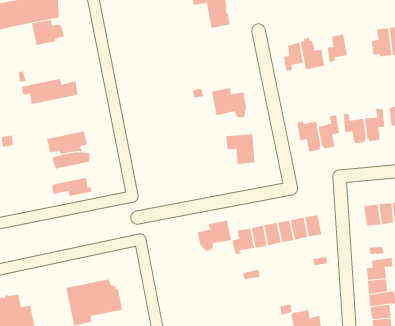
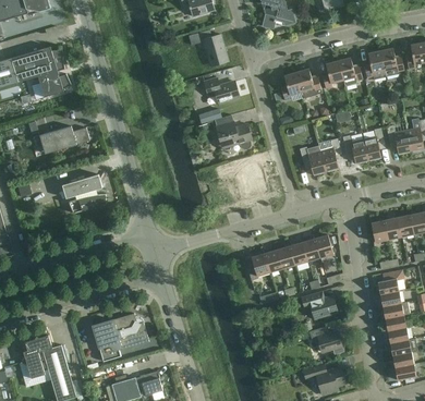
building: none -> [337,58,362,87]
building: none -> [204,78,239,104]
building: [52,177,92,197] -> none
building: [197,220,231,251] -> none
building: none -> [301,294,337,319]

